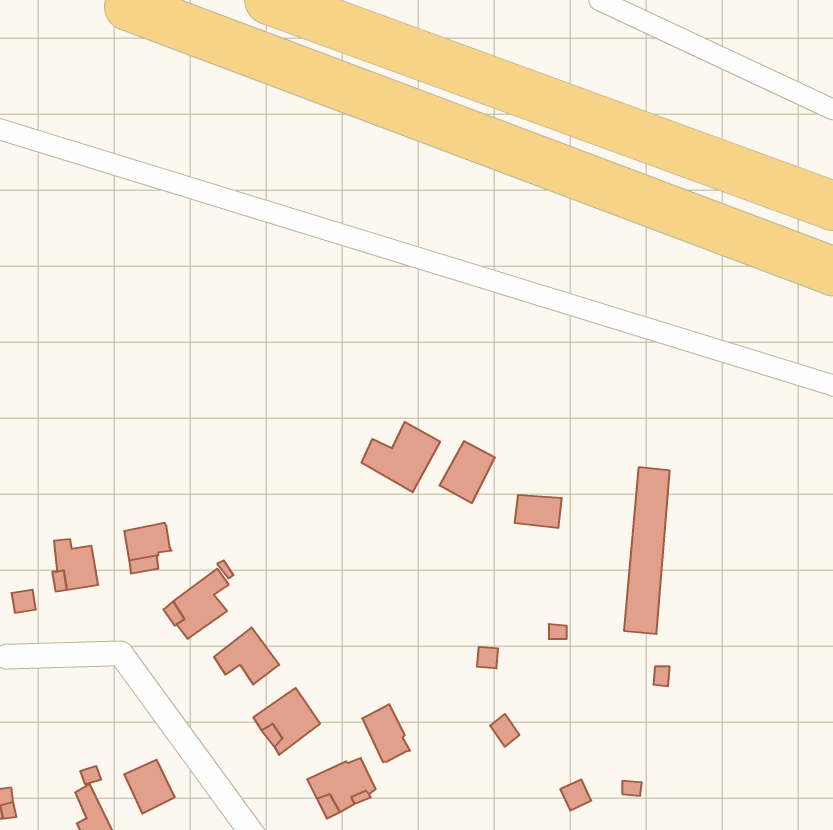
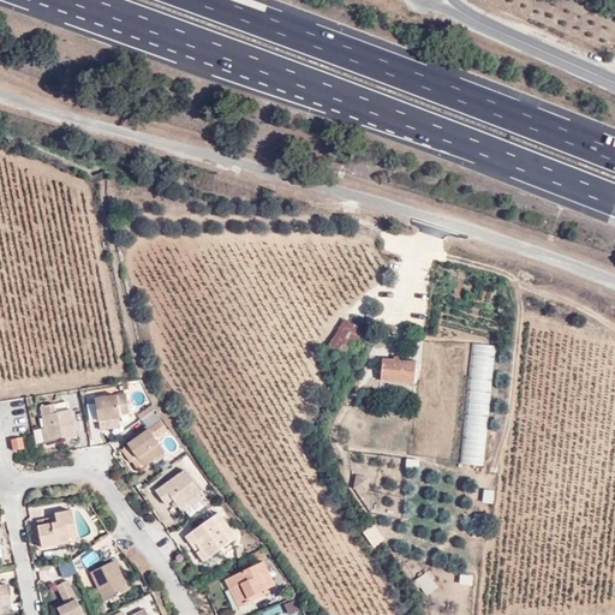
building: [362,422,440,492] -> none
building: none -> [36,509,77,548]
building: [362,704,410,762] -> none

